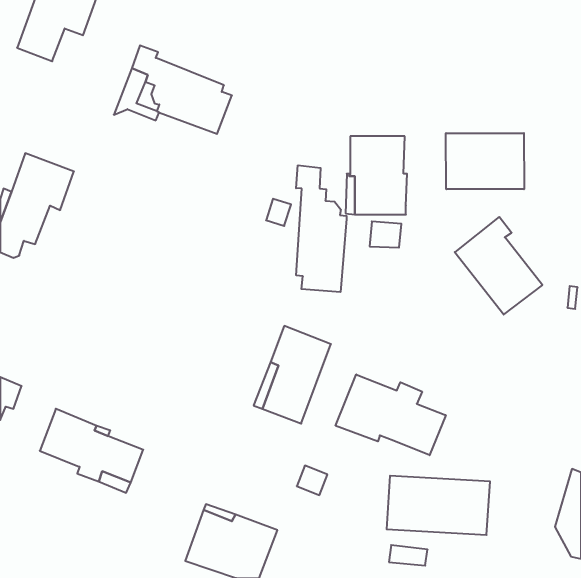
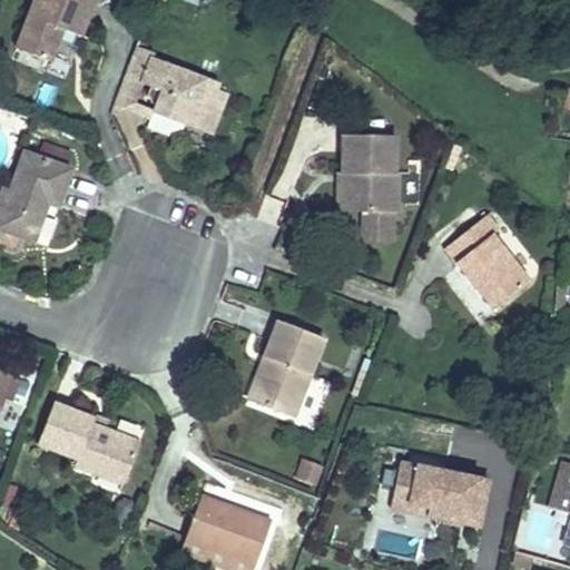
building: [446,133,524,189] -> none
building: [296,165,347,292] -> none
building: [336,374,446,455] -> none

